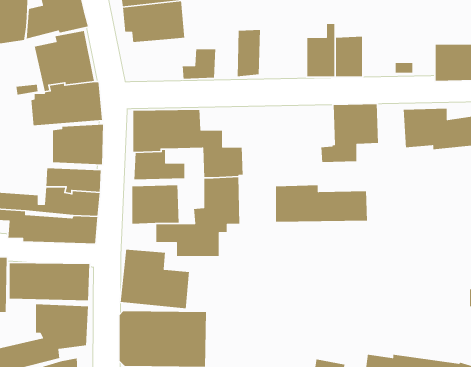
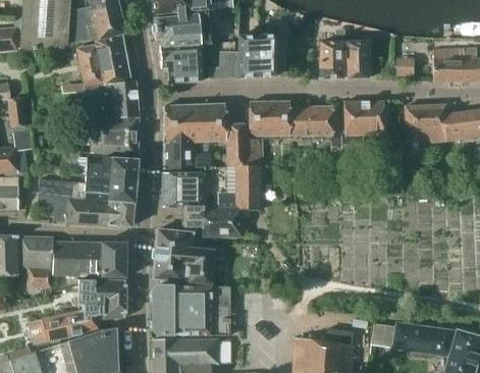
building: none -> [237,35,258,77]
building: none -> [159,43,203,82]
building: [275,185,368,222] -> [250,101,332,135]

